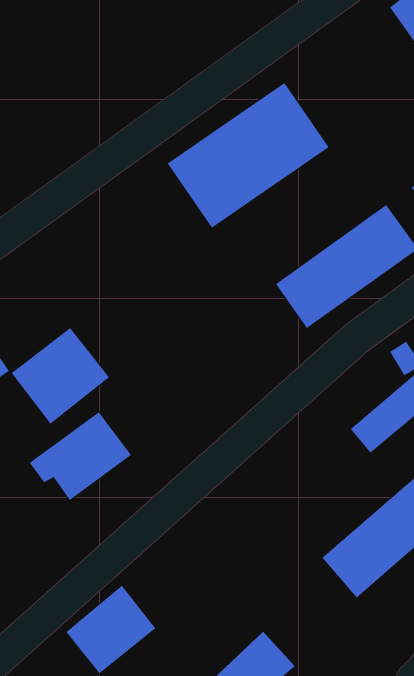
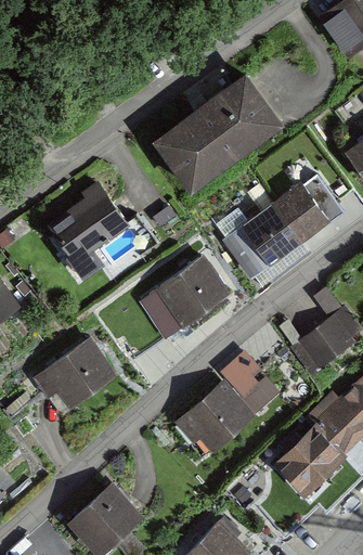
building: none -> [148,259,229,332]
building: [11,327,110,425] -> [48,189,127,267]
building: none -> [174,348,273,455]

